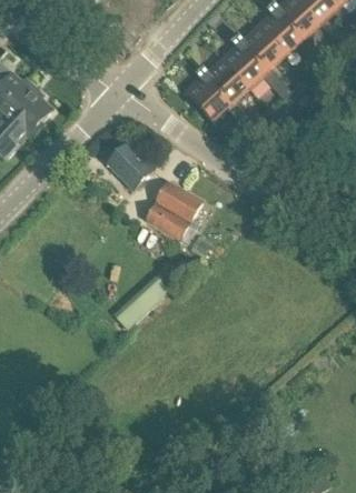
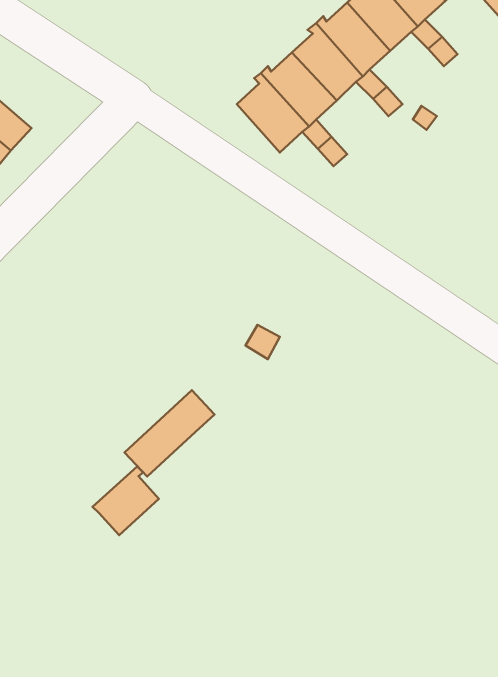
building: [107,143,152,189] -> none
building: [146,181,202,242] -> none
building: none -> [93,467,159,535]

